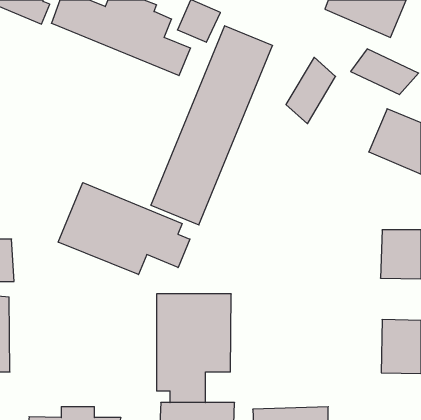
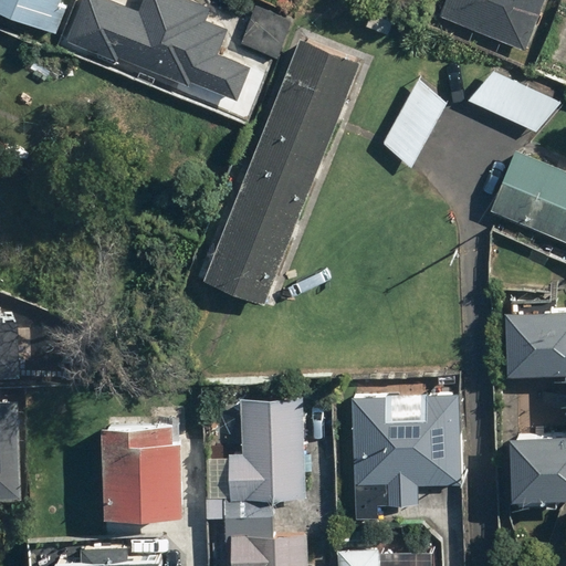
building: [58,183,190,275] -> none
building: none -> [352,396,459,521]
building: none -> [103,409,184,514]

